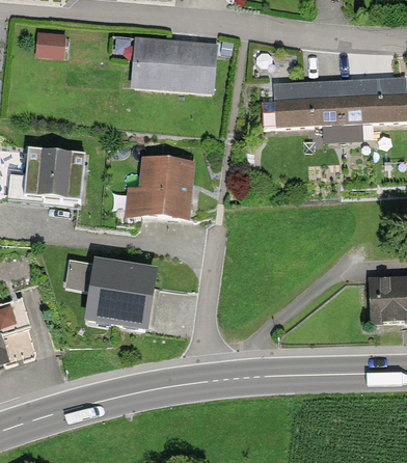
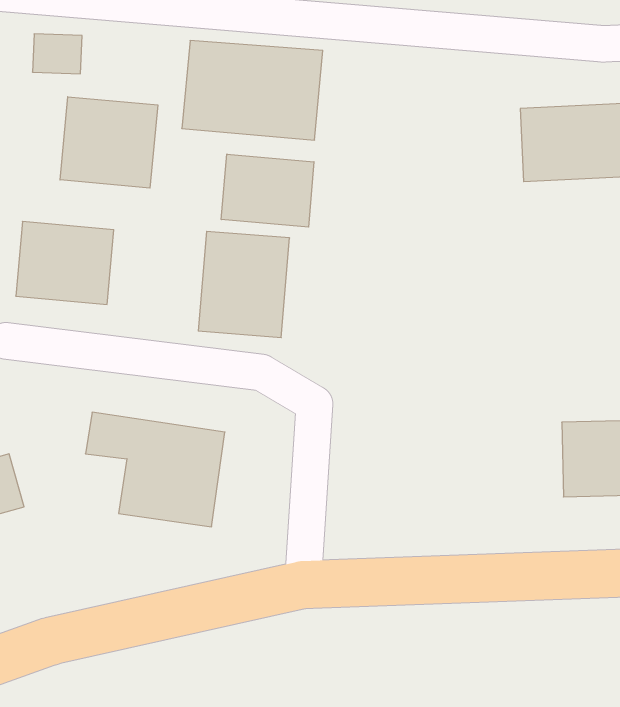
building: none -> [60,97,158,188]
building: [274,79,342,128] -> none
building: none -> [221,154,314,227]

